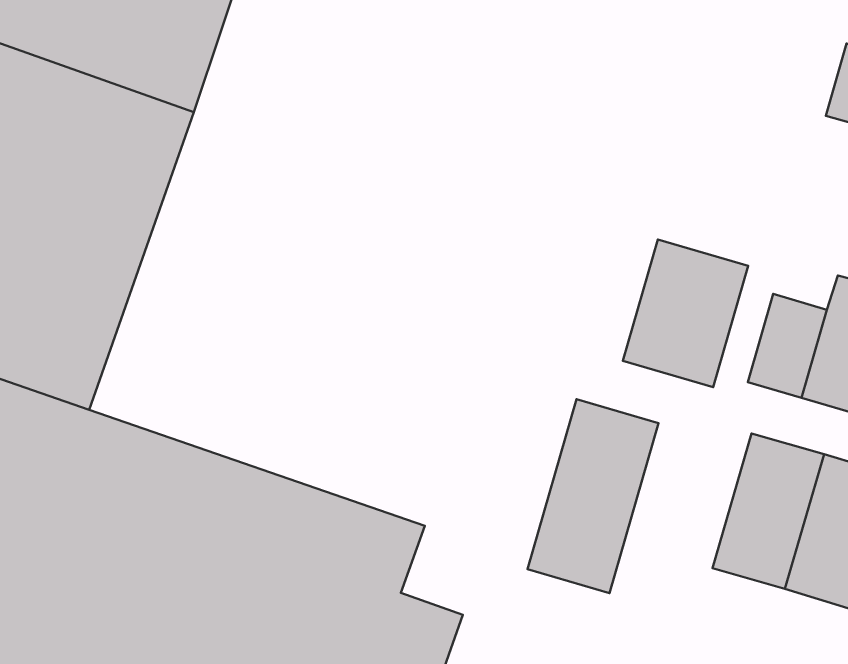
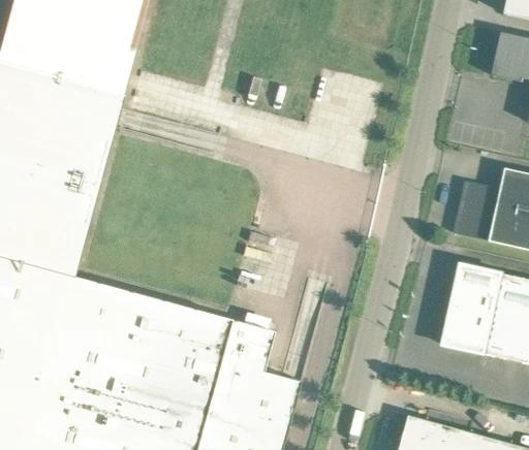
building: [623,240,748,387] -> none
building: [527,399,659,593] -> none

